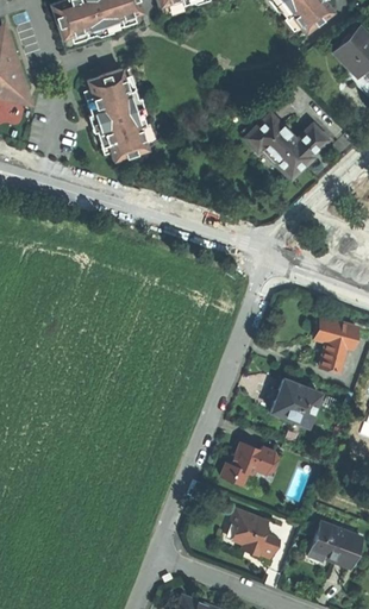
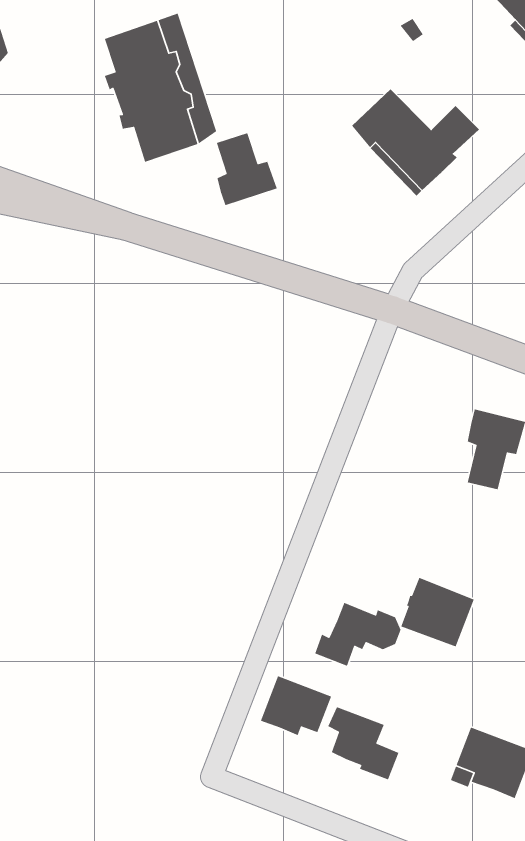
building: none -> [216,132,278,206]
building: [273,378,320,423] -> [400,577,475,647]
building: none -> [260,675,332,736]

